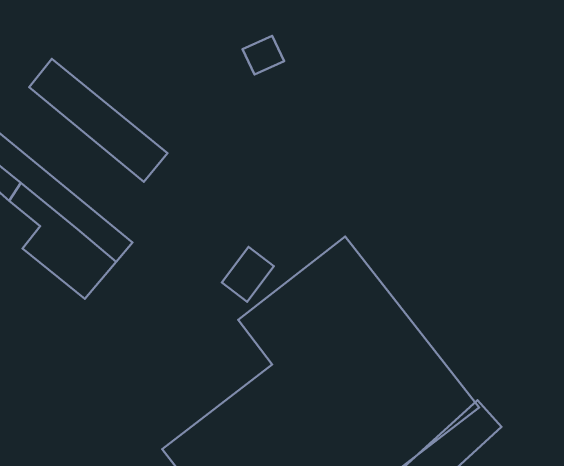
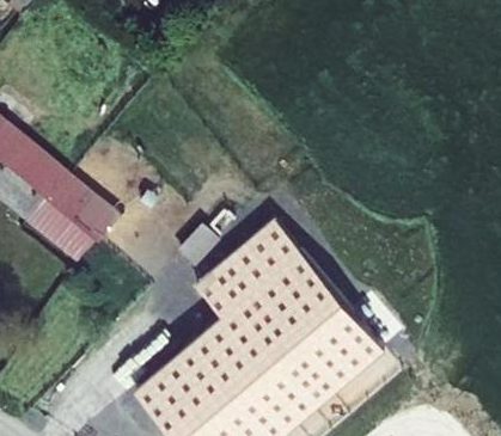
building: [29,59,168,182] -> none

